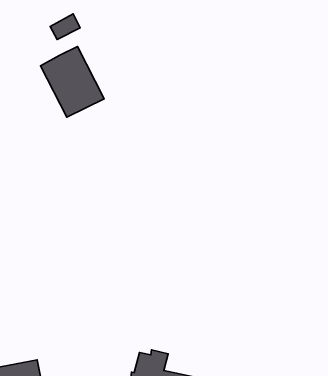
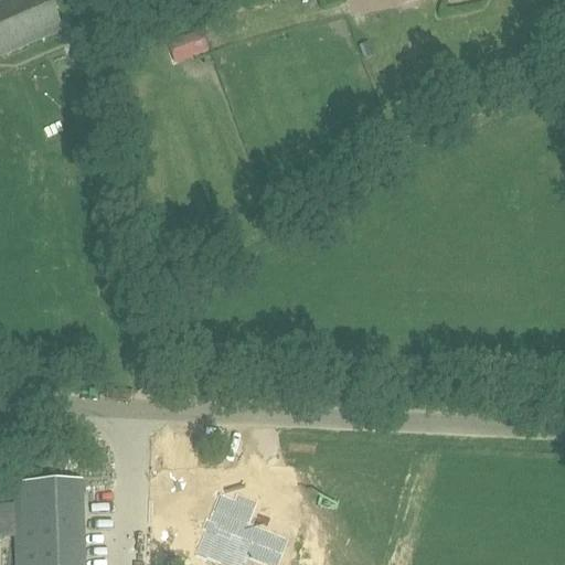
building: [41,47,104,117] -> none

